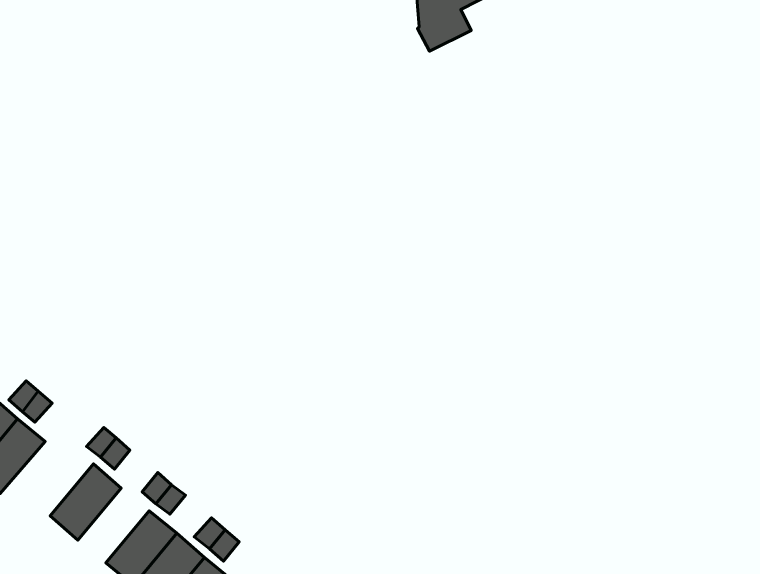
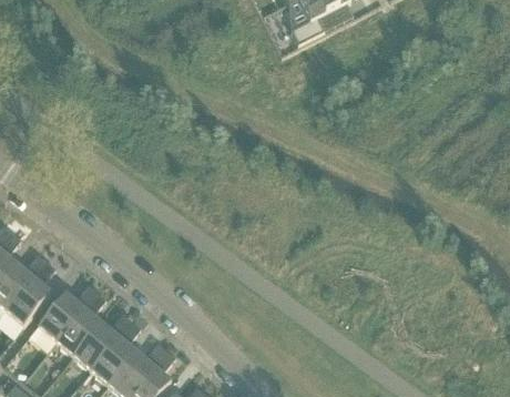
building: none -> [37,289,82,337]
building: none -> [72,319,118,367]

